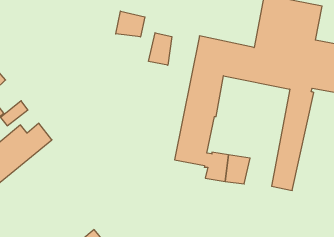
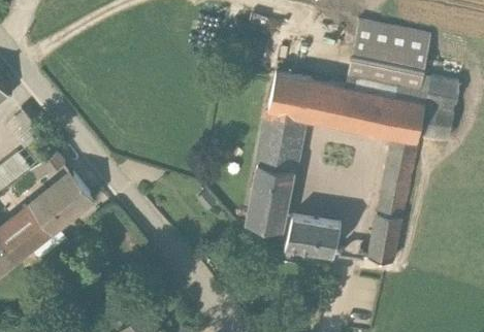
building: [116,11,145,37] -> none
building: [149,33,172,65] -> none

